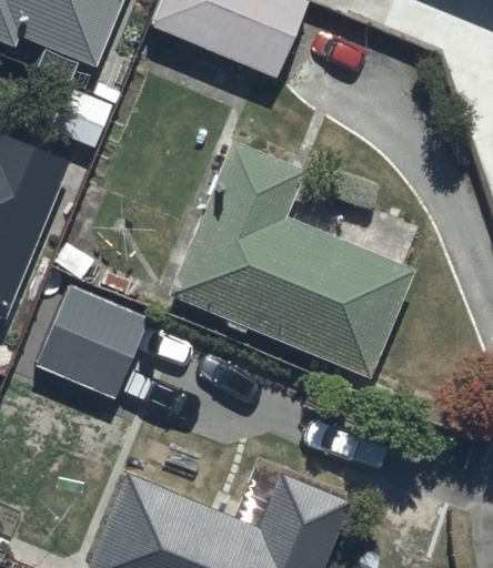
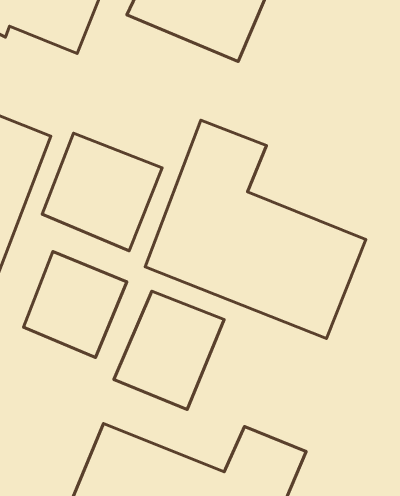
building: none -> [42,133,162,251]
building: none -> [114,291,224,410]

